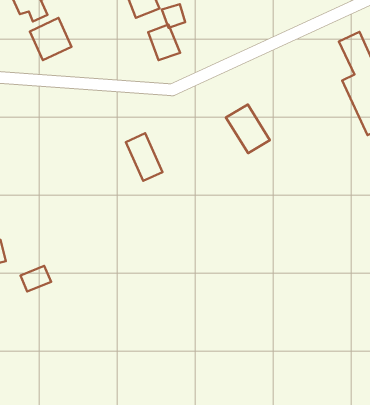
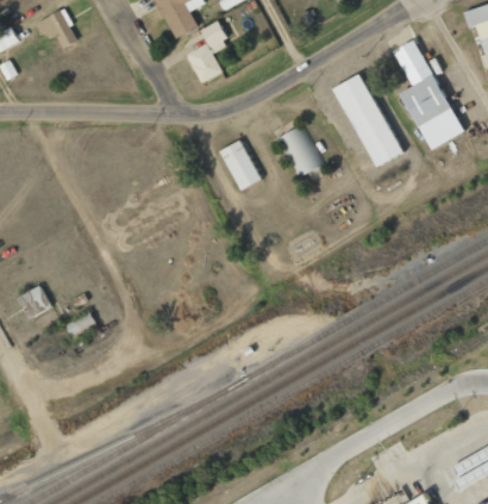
building: [30,18,71,60] -> none
building: none -> [333,74,402,169]
building: [126,133,163,181] -> [219,141,261,192]

